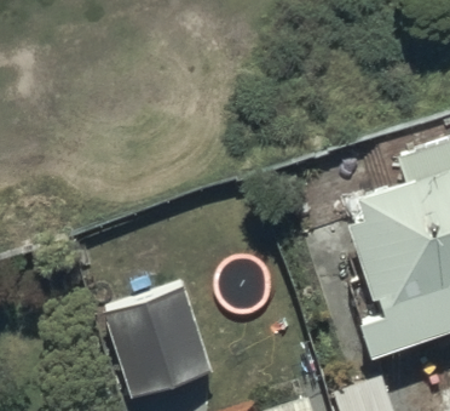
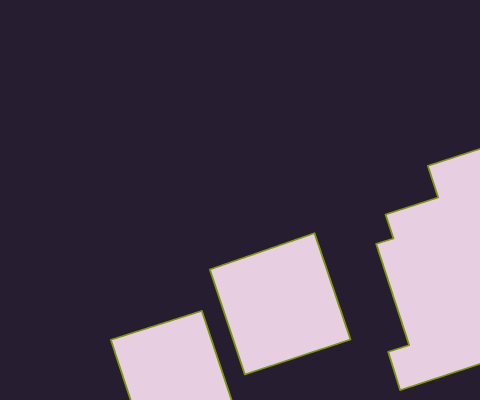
building: none -> [210,233,351,375]

